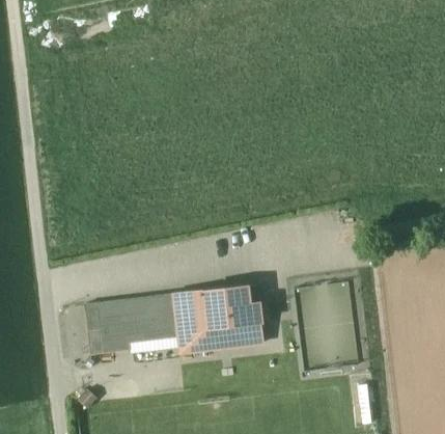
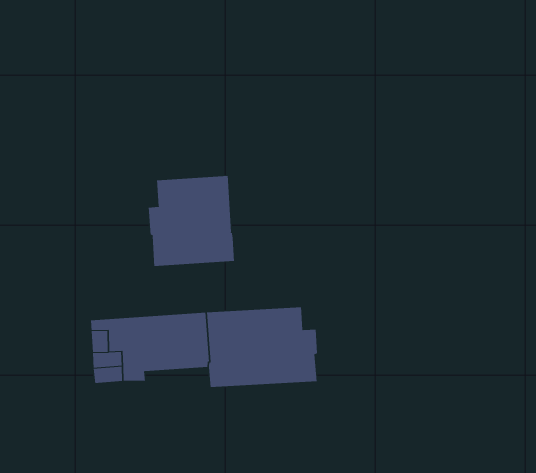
building: none -> [148,175,234,267]

